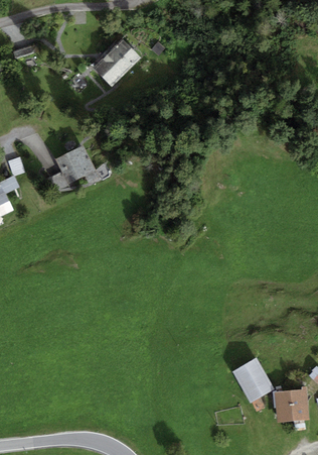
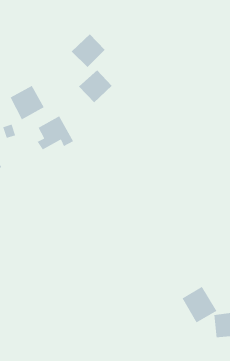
building: none -> [78,69,112,103]
building: none -> [9,85,45,121]

